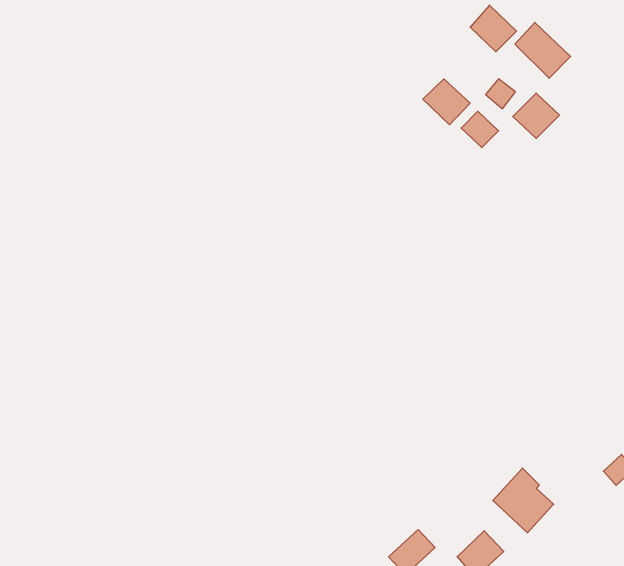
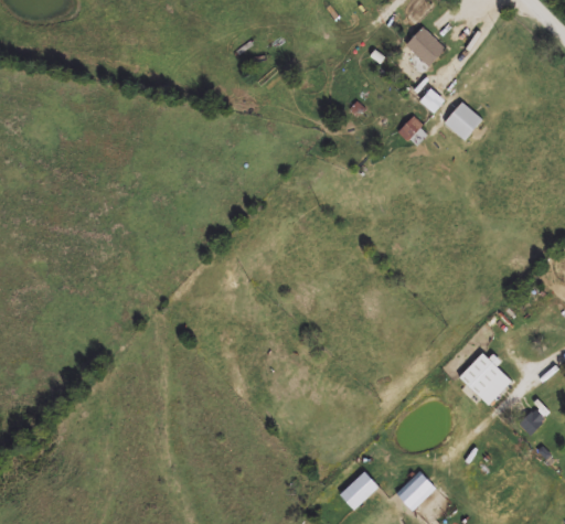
building: [515,22,571,78] -> none
building: [423,79,470,125] -> none
building: [493,468,554,533] -> [458,350,510,405]

